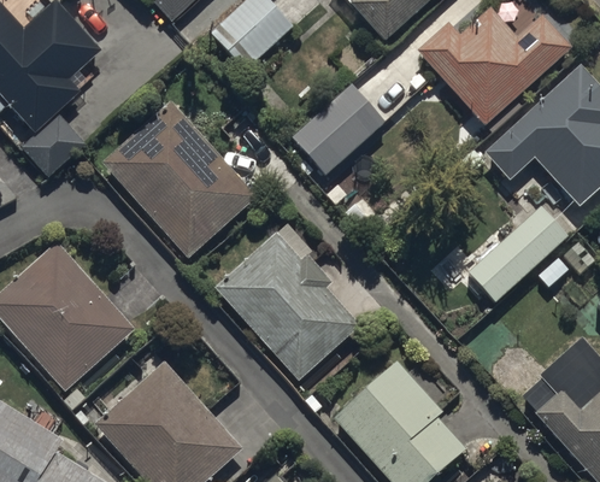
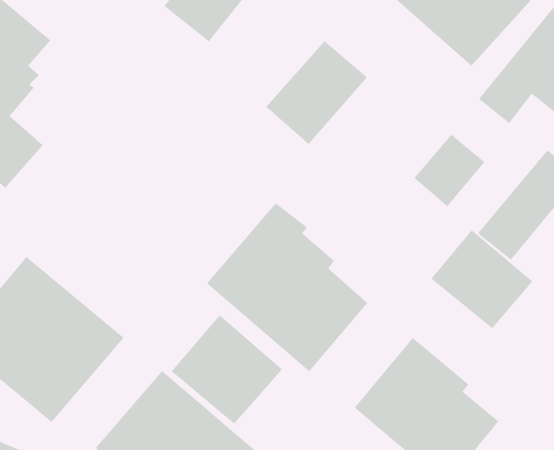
building: [101,100,257,258] -> none
building: none -> [413,134,485,207]
building: none -> [431,229,533,329]
building: none -> [171,314,283,425]

